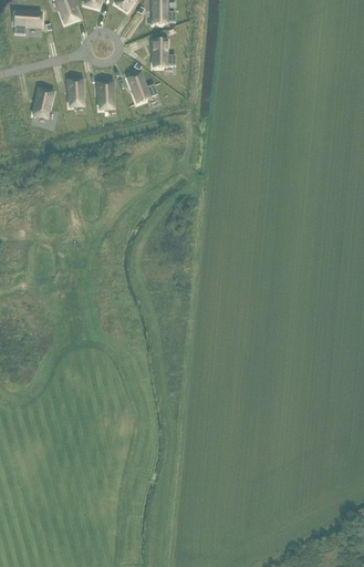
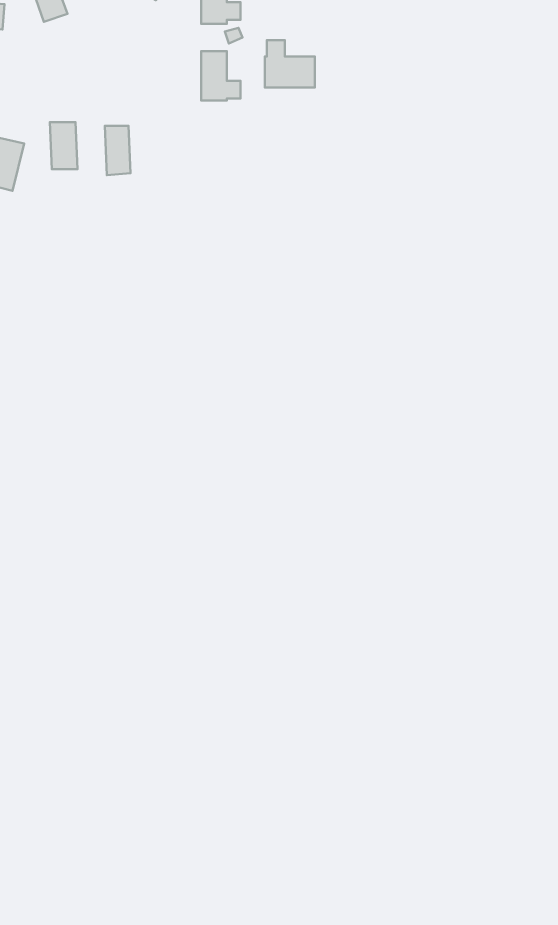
building: none -> [265,40,315,88]
building: [126,71,156,101] -> none

